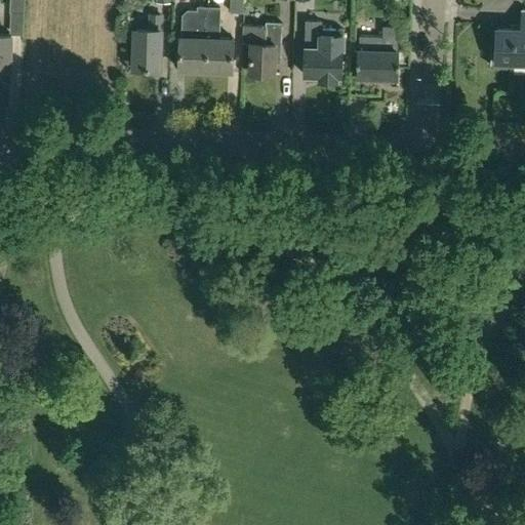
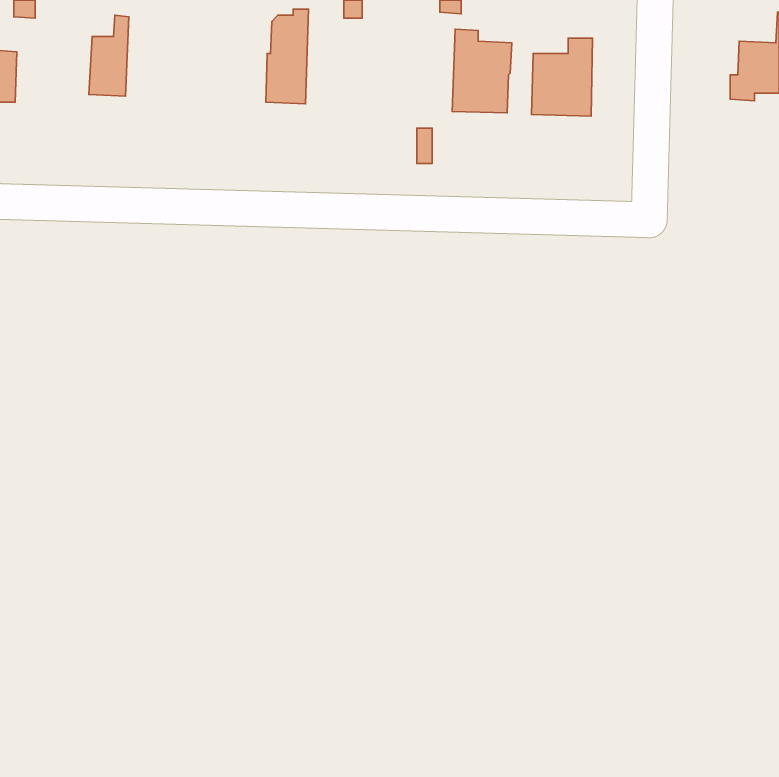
building: [205,8,233,73] -> none
building: [133,16,160,71] -> [89,15,129,96]
building: [242,24,281,75] -> none

